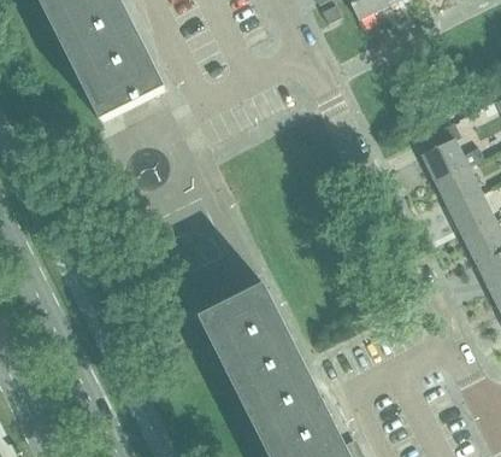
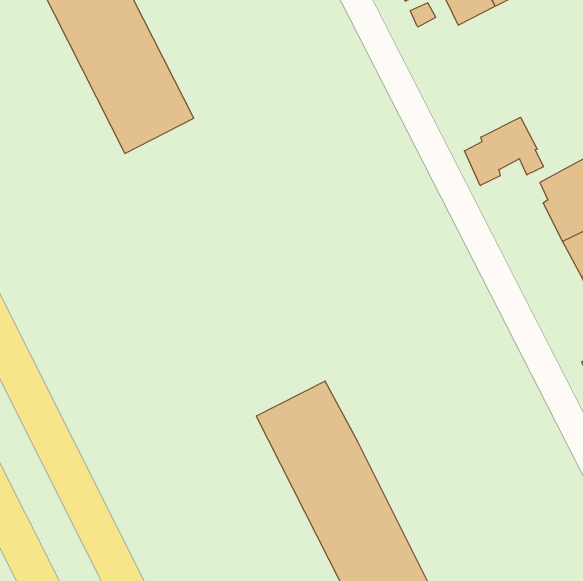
building: none -> [464,117,543,186]

